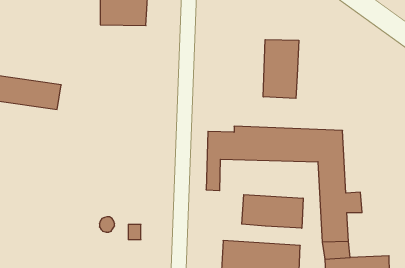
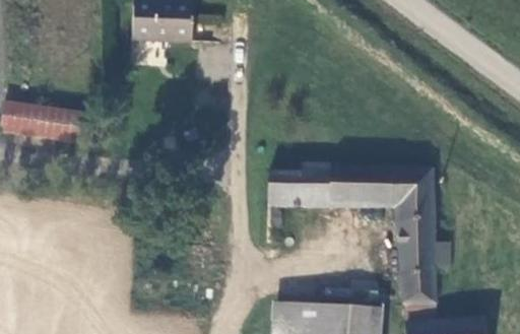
building: [263,40,299,98] -> none
building: [242,195,303,228] -> none

